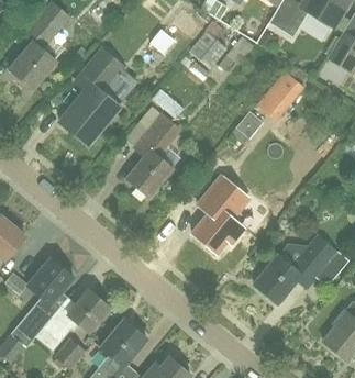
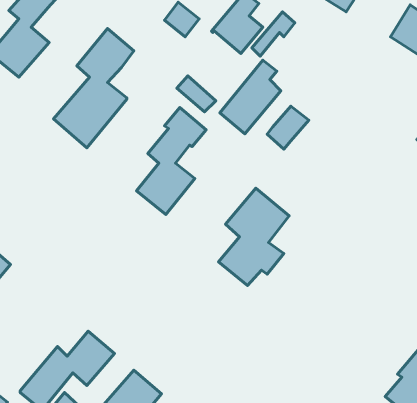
building: [256,64,304,122] -> [220,60,281,134]
building: [255,234,337,303] -> none
building: [25,257,74,330] -> none

